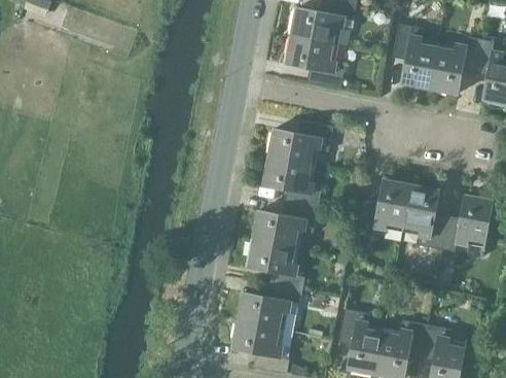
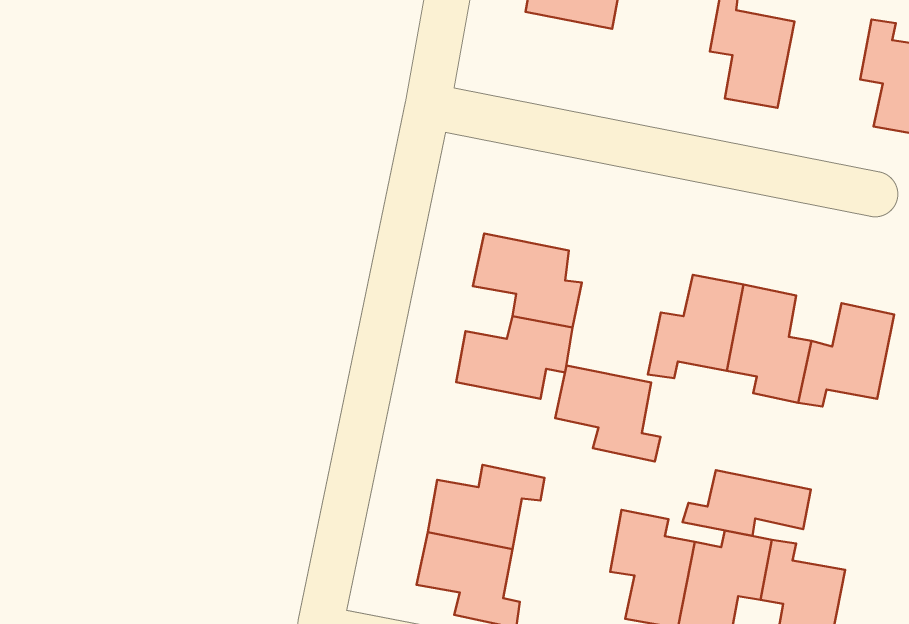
building: [285,36,341,89] -> none
building: [428,36,479,94] -> none
building: [267,121,331,166] -> none
building: [246,239,303,291] -> [555,366,661,461]
building: none -> [683,470,811,536]

